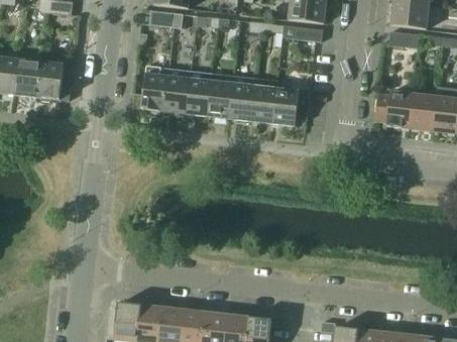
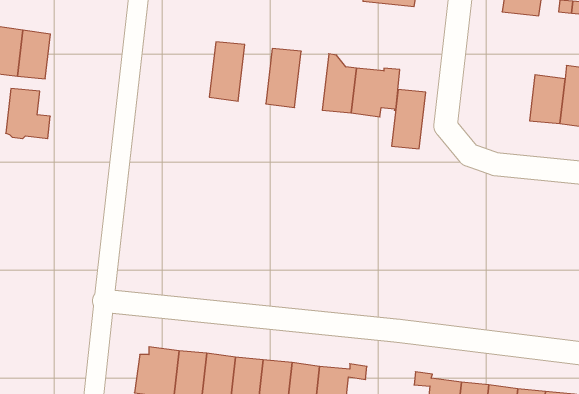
building: [37,62,72,100] -> [6,89,50,139]
building: [131,65,168,110] -> none
building: [186,70,212,115] -> none
building: [229,75,255,120] -> [392,90,426,149]
building: [375,91,414,128] -> none

